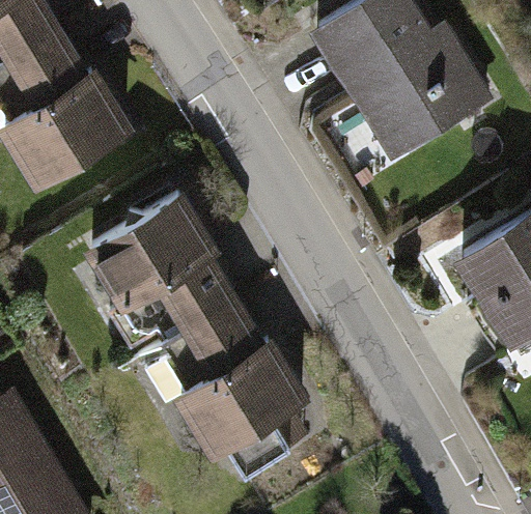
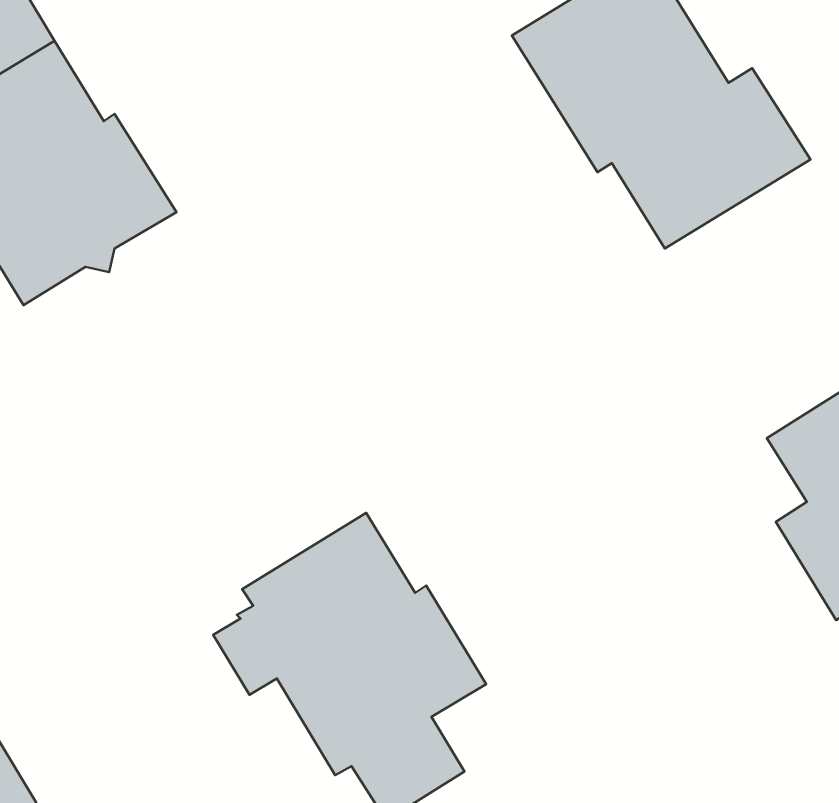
building: [95,196,236,349] -> none

